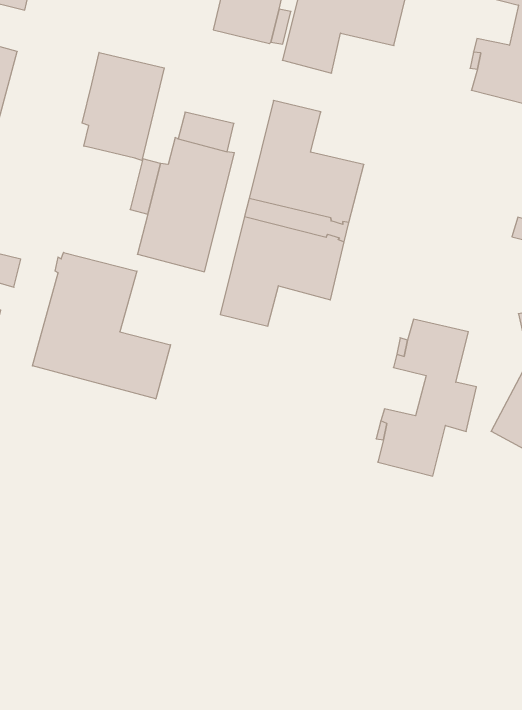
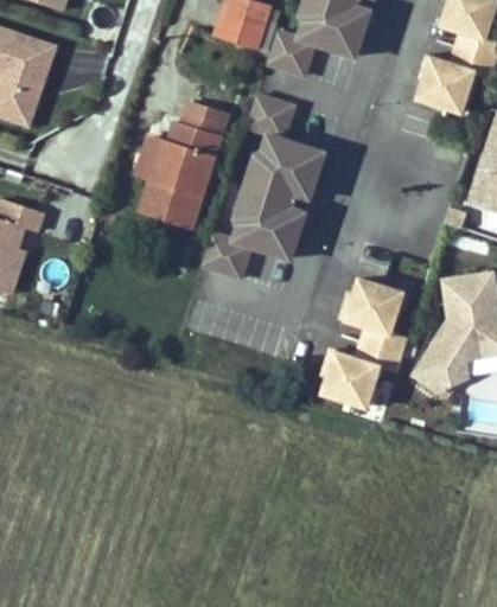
building: [82,52,164,160] -> none
building: [32,252,171,399] -> none

